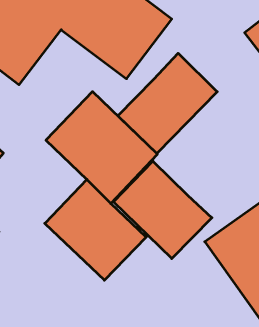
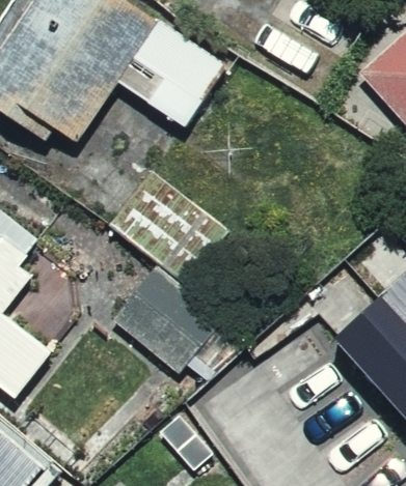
building: [118,53,217,154] -> none
building: [114,161,212,259] -> none

